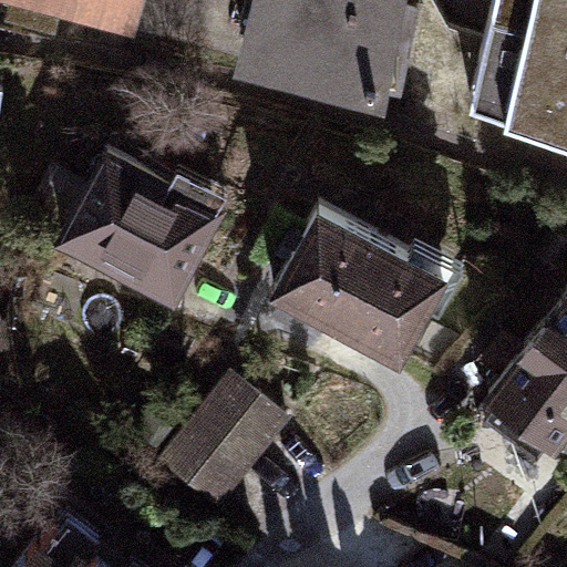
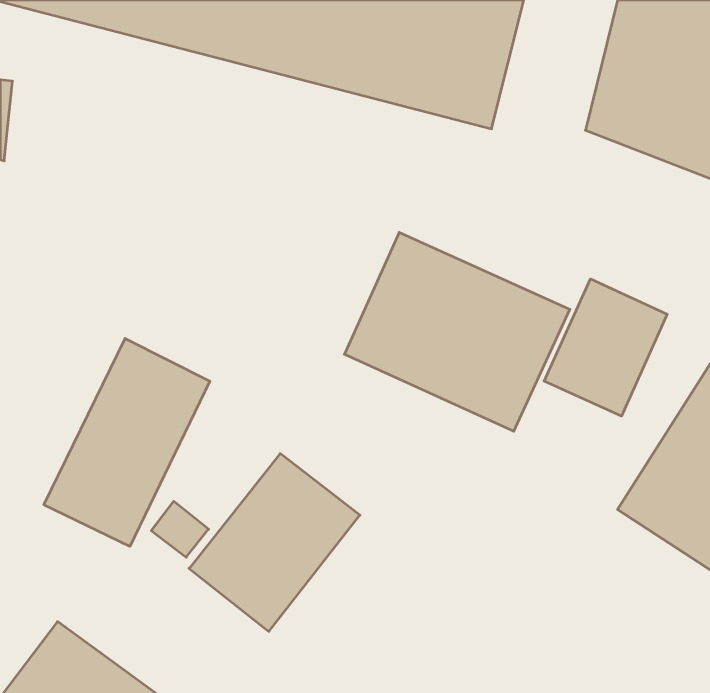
building: [54,142,227,293] -> none
building: none -> [544,279,667,416]
building: none -> [44,338,210,546]

